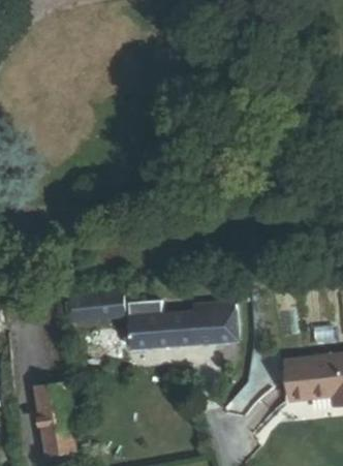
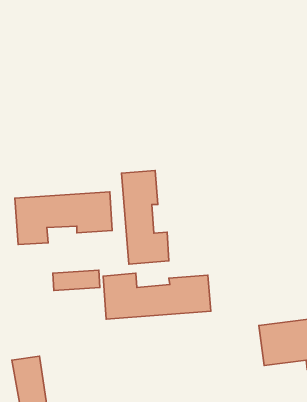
building: none -> [122,171,169,264]
building: none -> [15,192,112,244]

